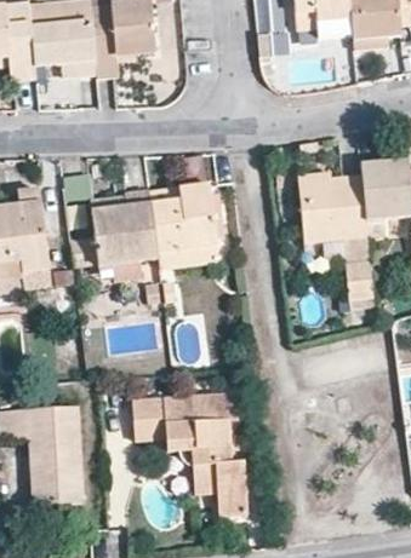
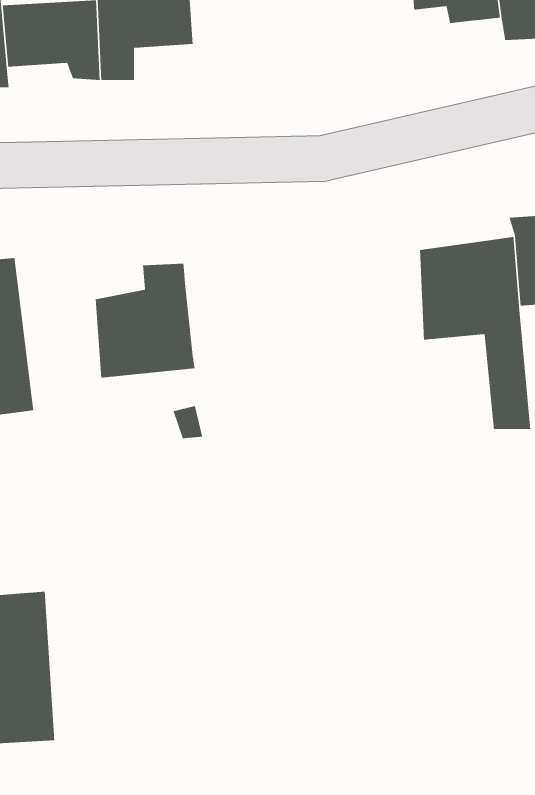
building: [152,185,216,251] -> none
building: [132,395,251,517] -> none

